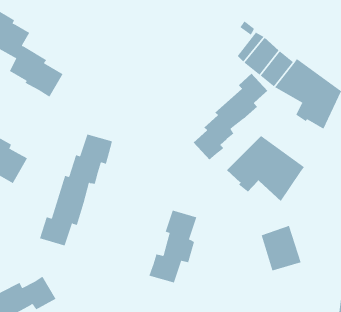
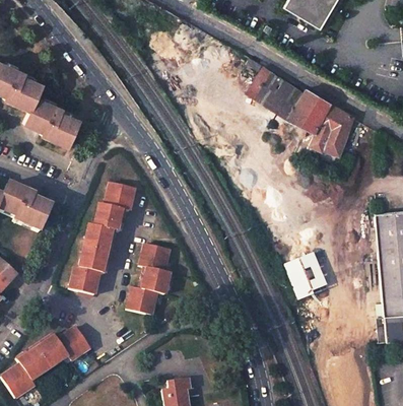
building: [193,73,268,160] -> none
building: [226,135,305,202] -> none
building: [149,210,197,283] -> [127,241,170,313]

